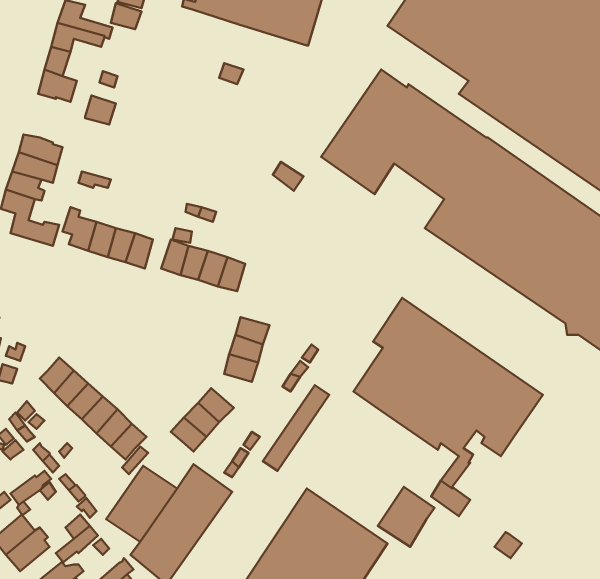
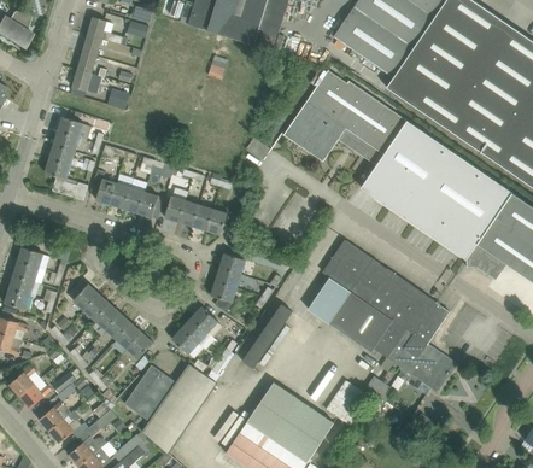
building: none -> [390,338,456,391]

